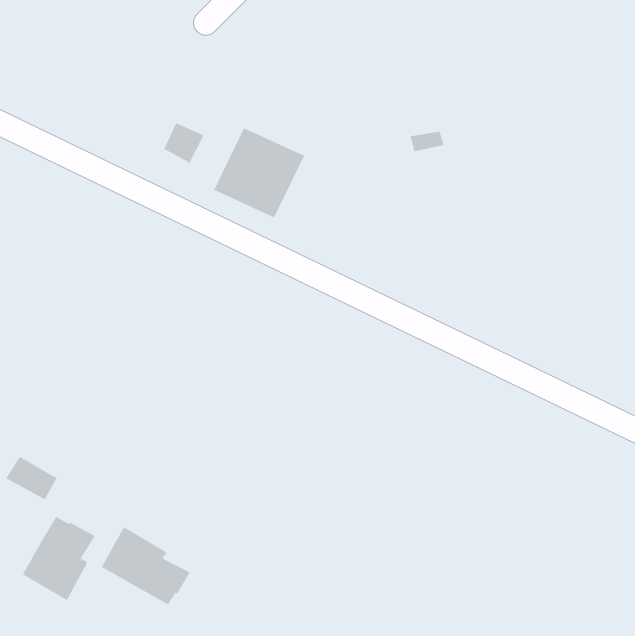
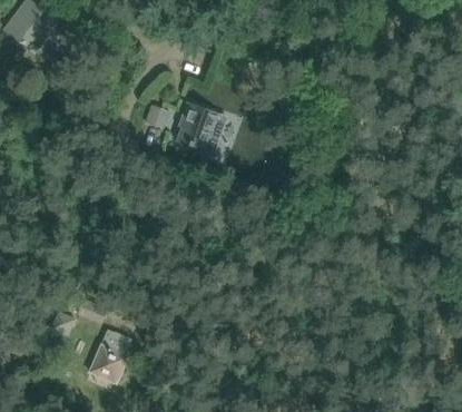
building: [101,526,191,606] -> none

